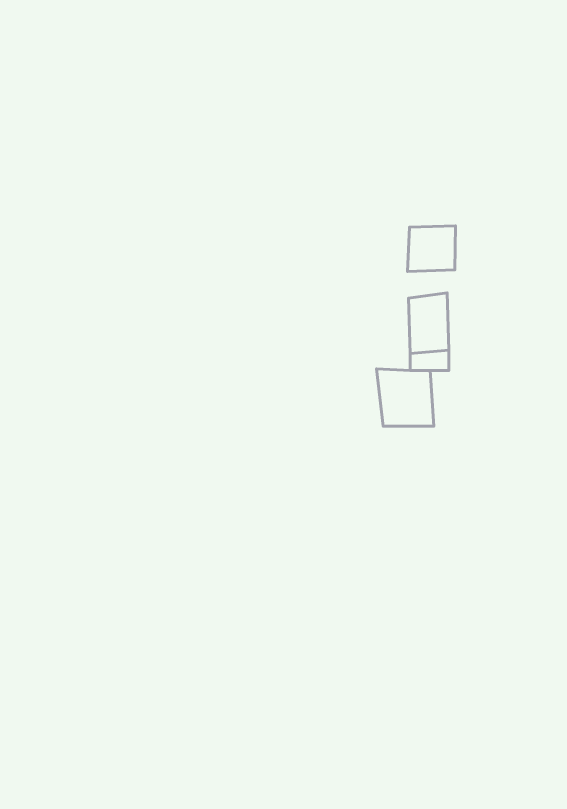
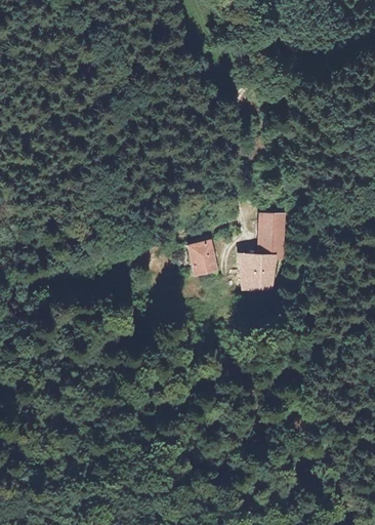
building: [408,226,455,271] -> none
building: none -> [188,240,217,276]

